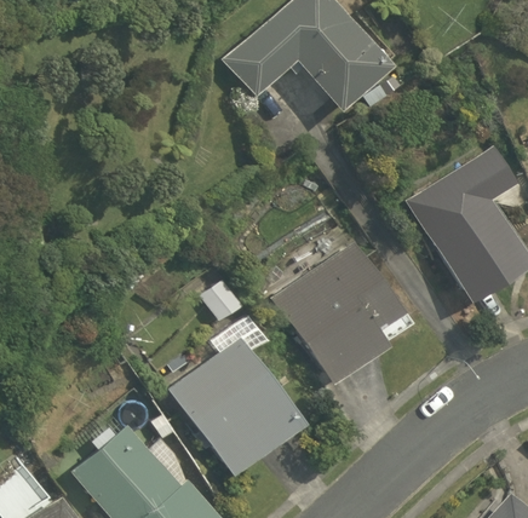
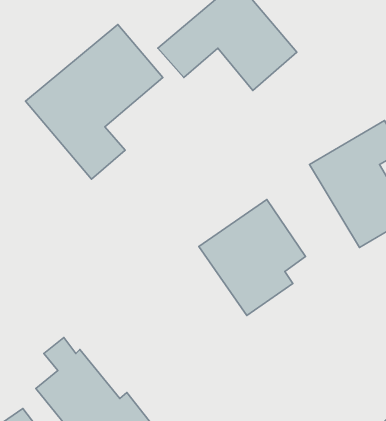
building: none -> [25,24,163,179]
building: [172,316,302,474] -> none

